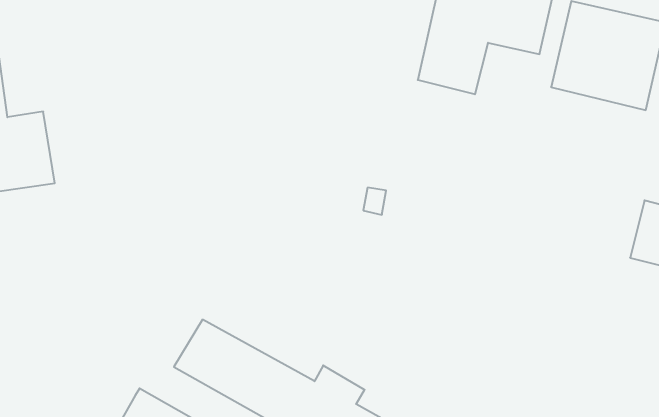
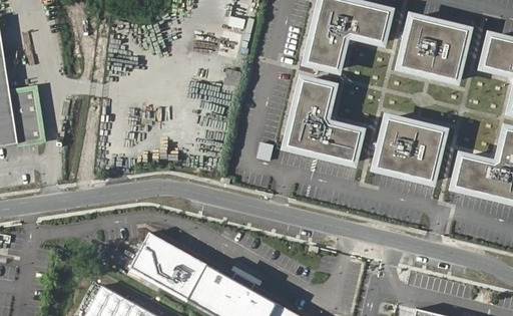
building: none -> [278,74,364,169]
building: none -> [369,112,448,189]

